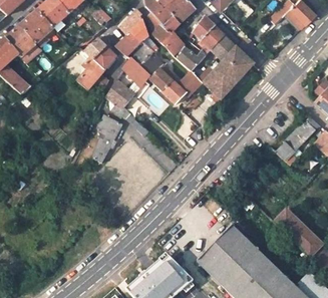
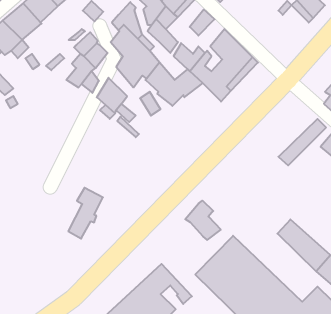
building: [200,24,224,55] -> none
building: [88,116,120,164] -> [68,188,103,239]
building: none -> [185,201,221,240]

